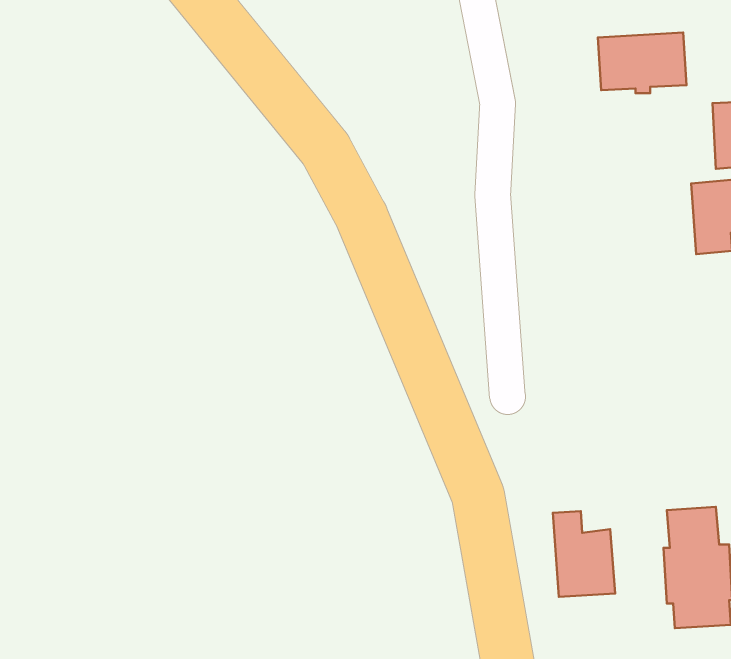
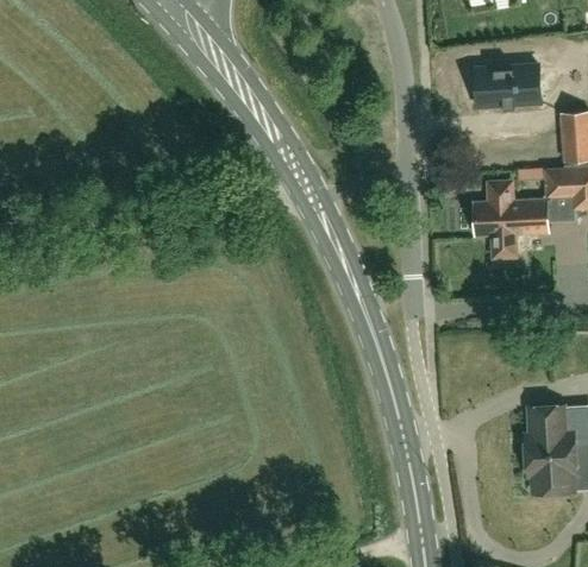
building: none -> [475,182,546,258]
building: [553,511,615,597] -> none

